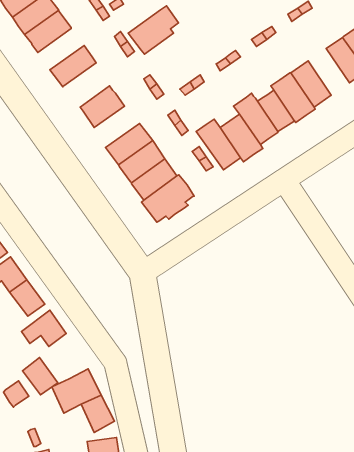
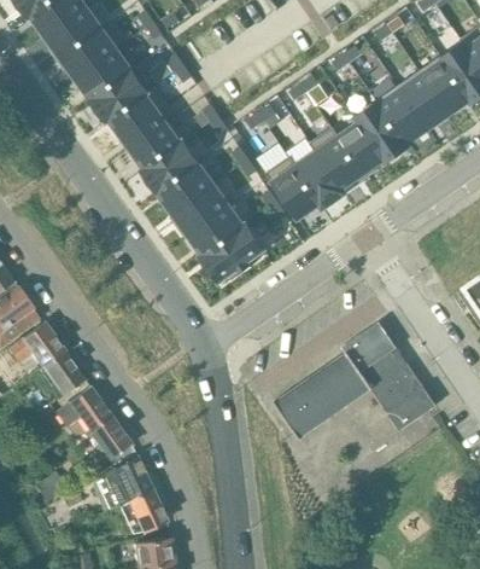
building: [128,6,179,54] -> [107,85,168,143]
building: none -> [76,48,131,98]
building: none -> [399,72,449,128]
building: none -> [141,140,198,191]
building: none -> [274,321,435,439]
building: [22,358,58,395] -> [89,413,131,458]

